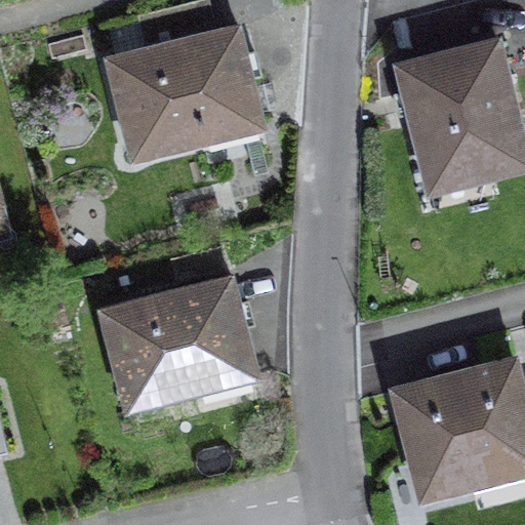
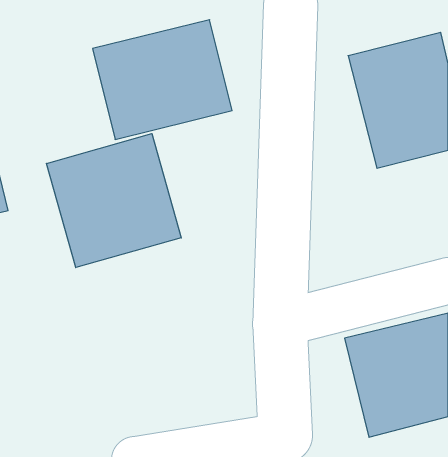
building: none -> [46,134,181,268]
building: [99,275,259,416] -> none

